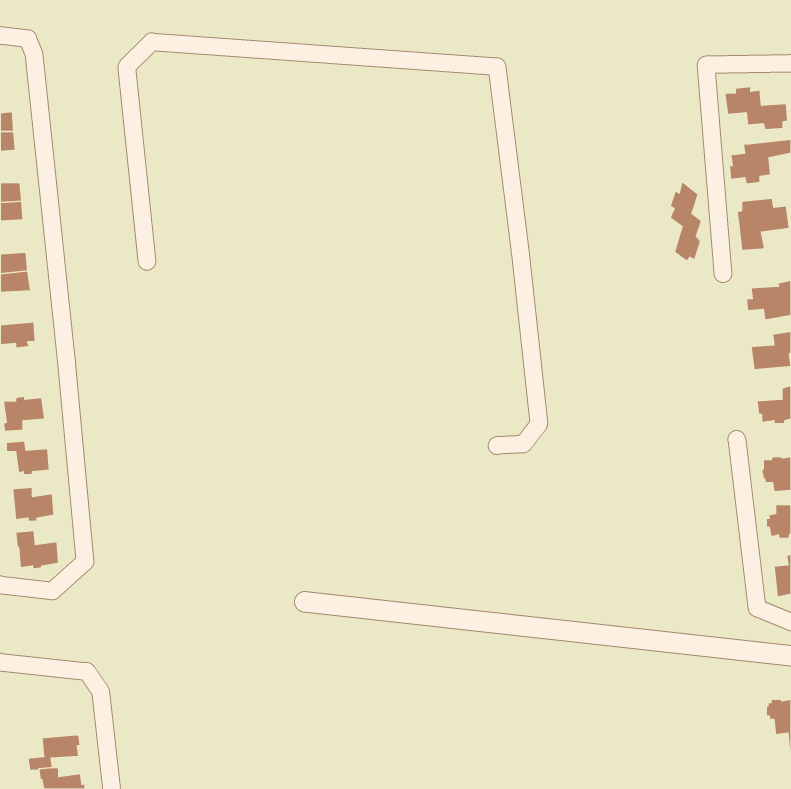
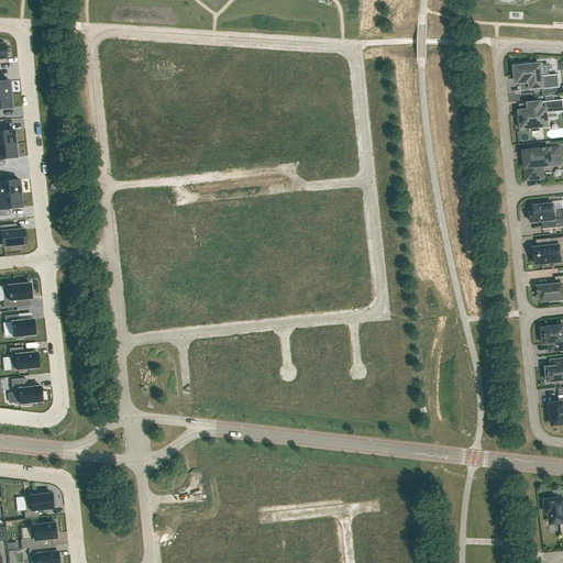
building: [670,181,702,262] -> none
building: none -> [24,493,54,517]

